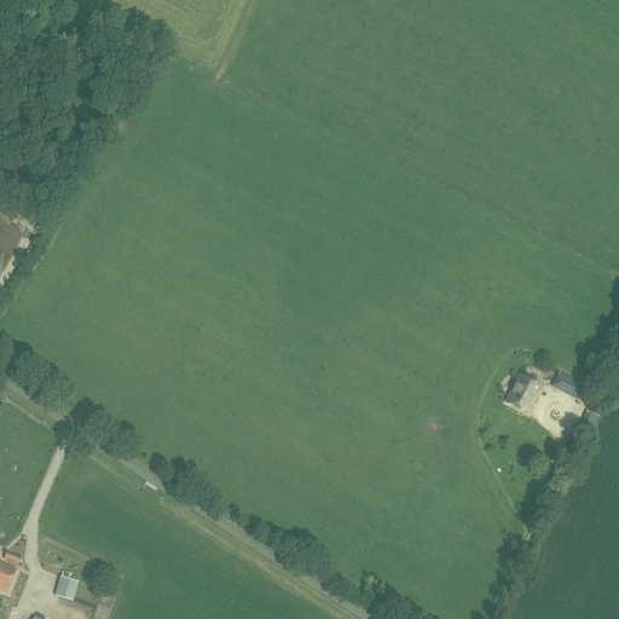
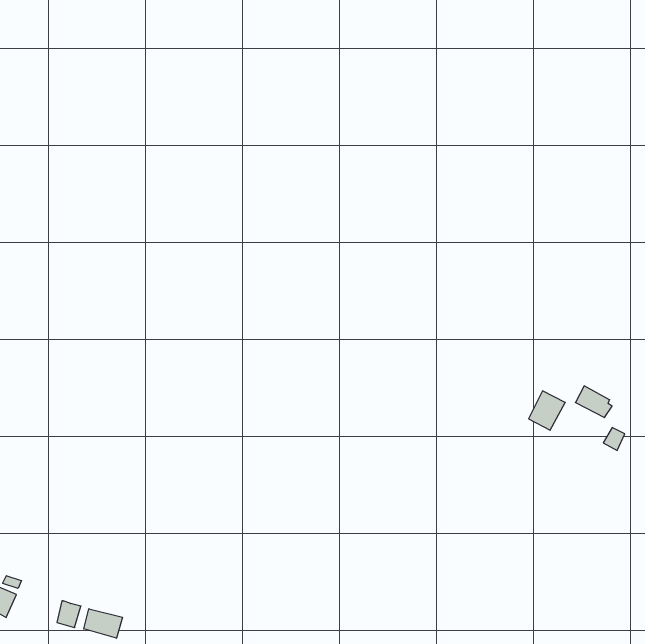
building: none -> [84,609,122,638]

